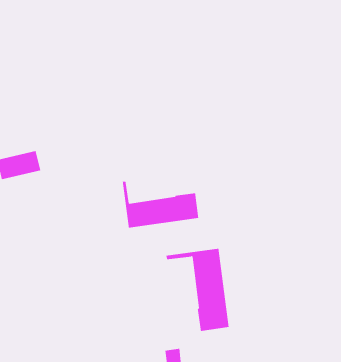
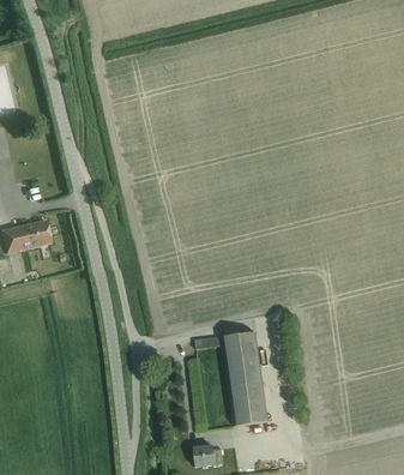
building: [122,181,199,228] -> none

